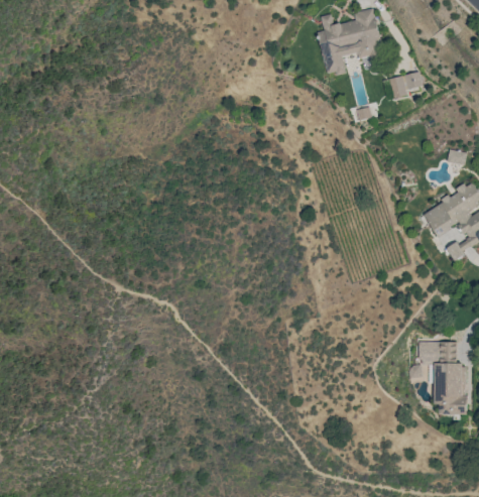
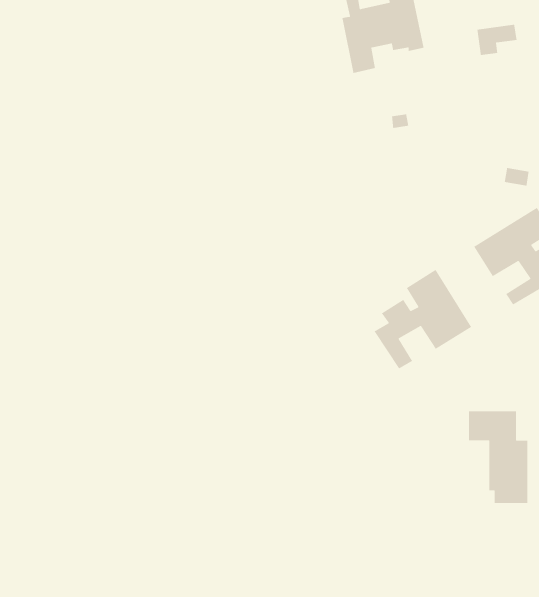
building: [389,74,422,99] -> [476,24,517,56]
building: none -> [374,269,472,370]

